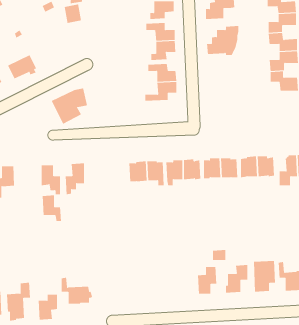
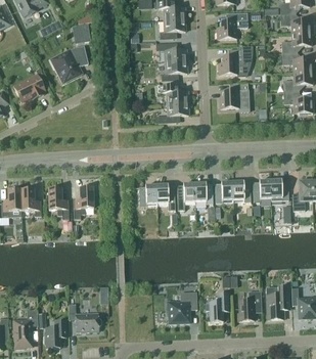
building: none -> [219,82,249,110]
building: [51,88,88,125] -> [50,45,88,83]
building: [42,195,62,222] -> [20,188,41,216]
building: none -> [167,291,197,323]

